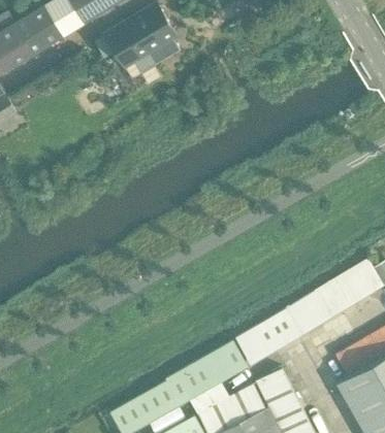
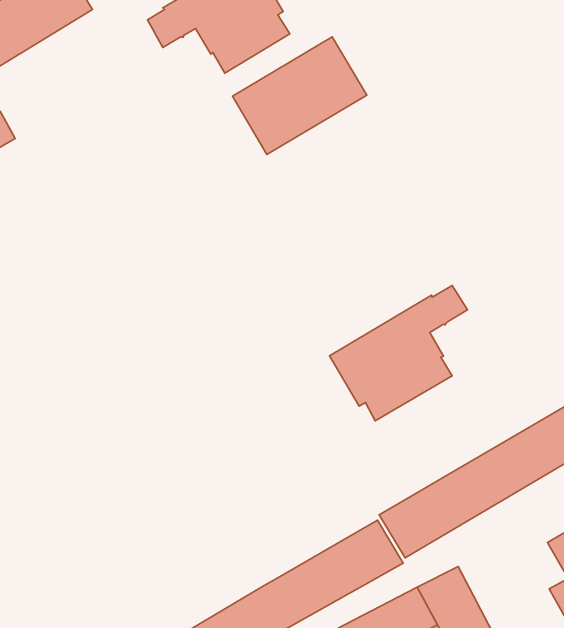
building: none -> [232,37,367,155]
building: none -> [329,285,468,421]

